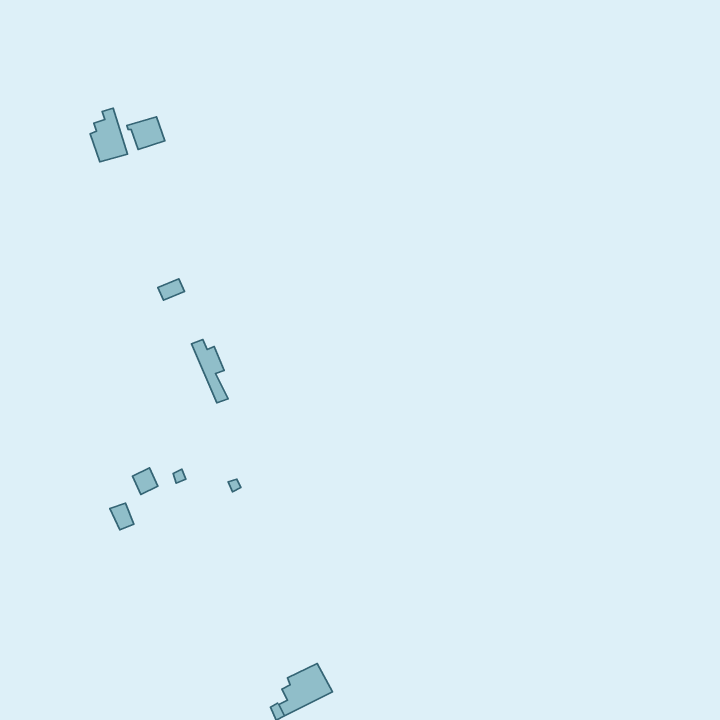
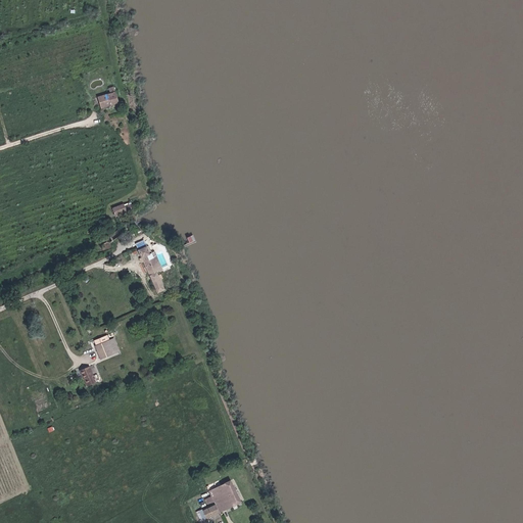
building: [90,108,128,162] -> none

